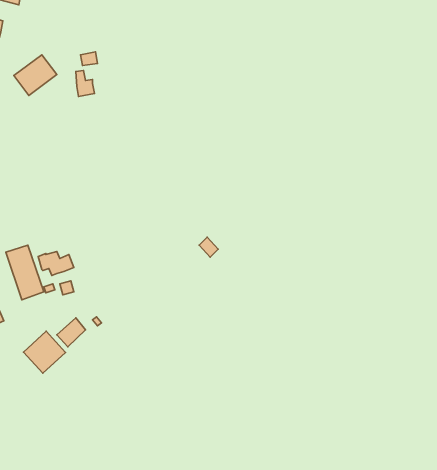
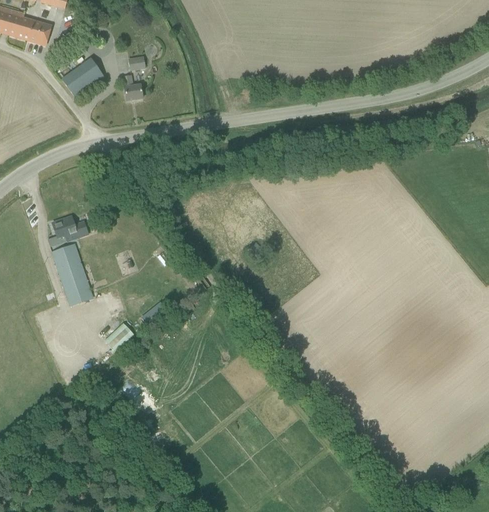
building: [38,252,74,276] -> [52,216,88,240]
building: [23,331,66,373] -> none

